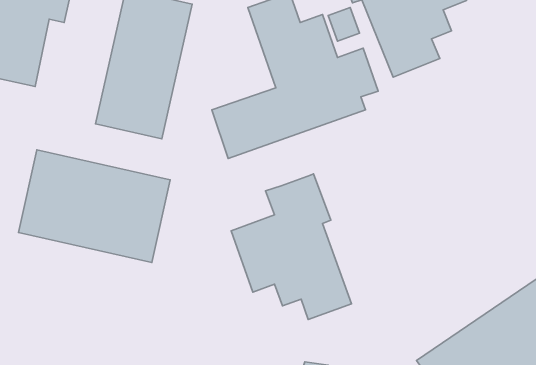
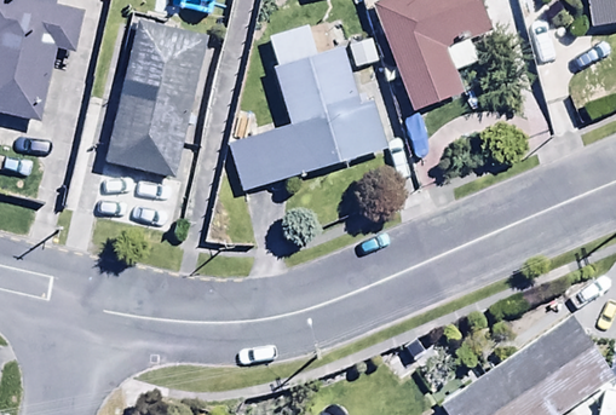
building: [18,150,170,263] -> none
building: [231,174,352,320] -> none

